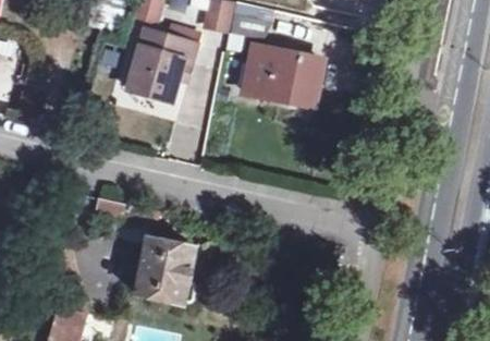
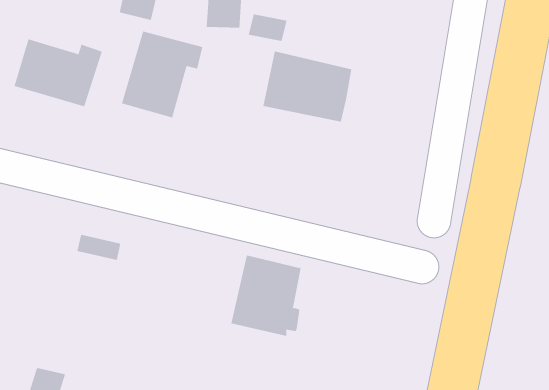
building: none -> [14,39,102,107]
building: [137,240,196,307] -> [230,255,302,337]

